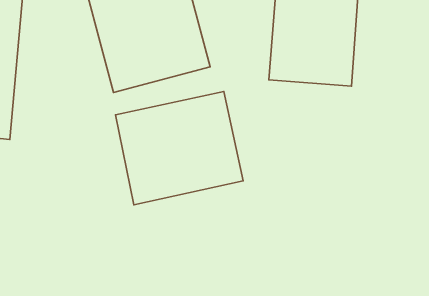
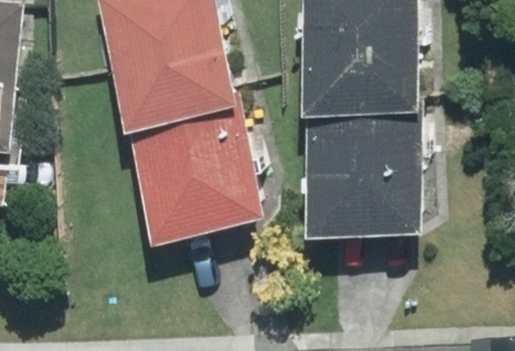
building: none -> [320,138,453,236]

